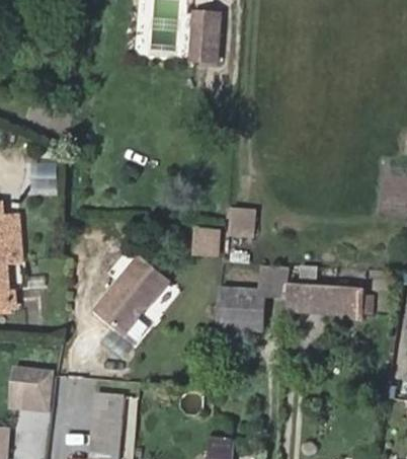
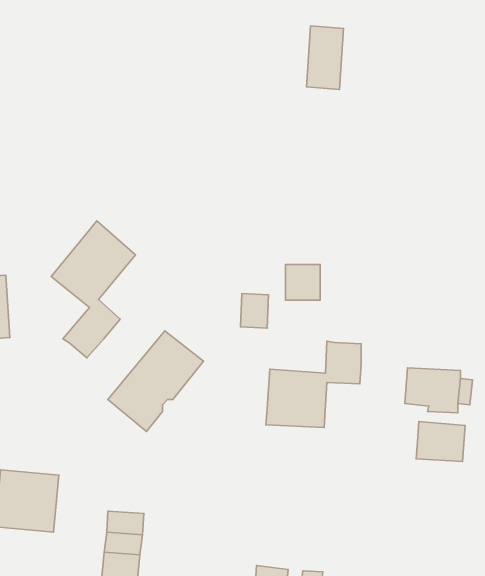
building: [190,13,219,62] -> [306,26,344,89]
building: none -> [51,221,136,358]
building: [287,283,324,313] -> [416,422,465,461]

